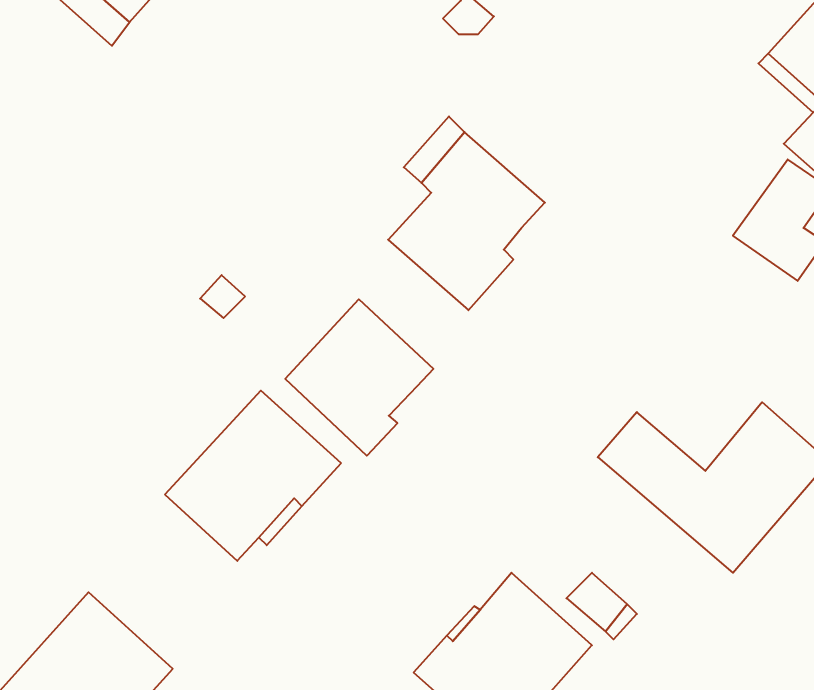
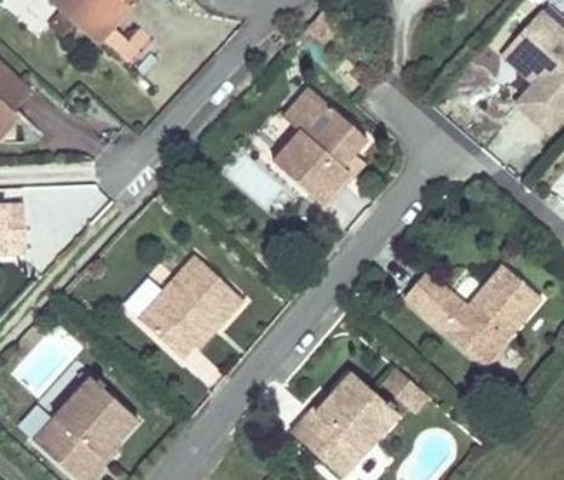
building: [285,299,433,456] -> none

